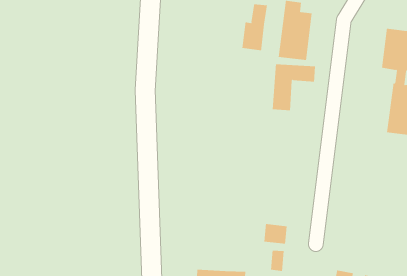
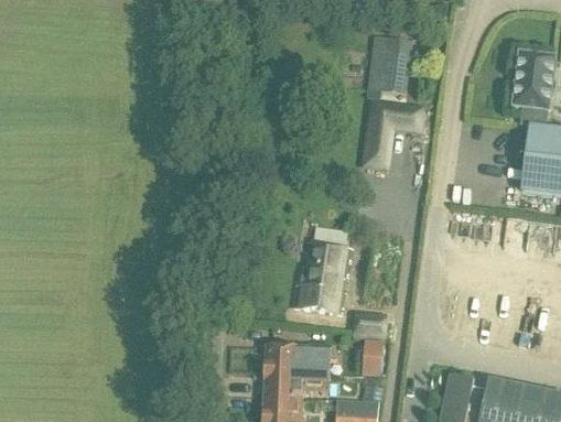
building: [242,3,267,51] -> none
building: none -> [294,238,352,311]
building: none -> [265,340,331,374]

